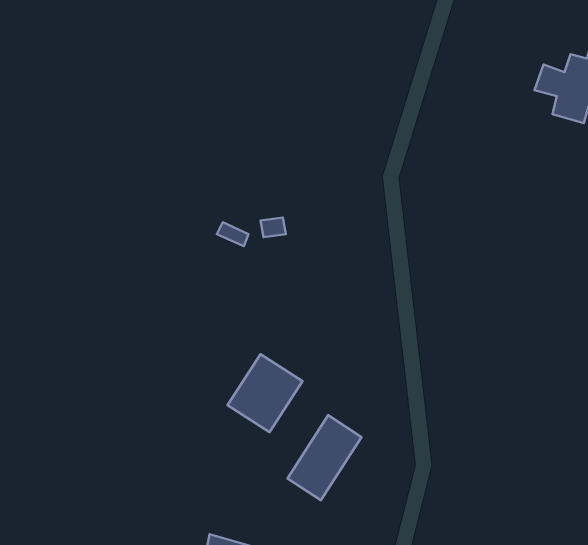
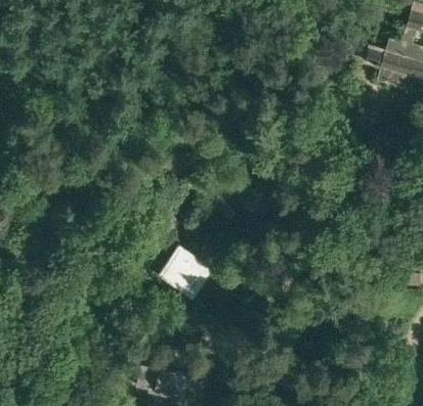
building: [287,415,362,500] -> none

